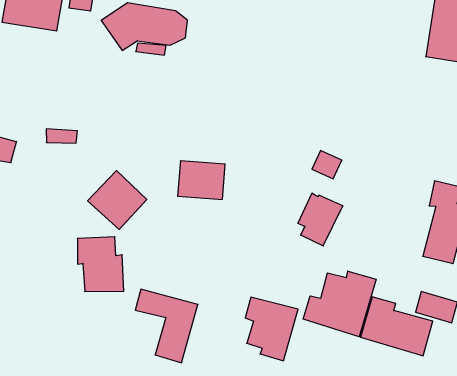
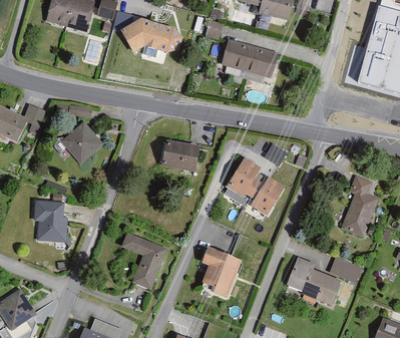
building: none -> [223,42,280,82]
building: [88,171,147,229] -> [59,120,103,164]
building: none -> [226,156,262,196]
building: [77,237,124,291] -> [33,201,67,244]
building: [303,271,376,337] -> none

